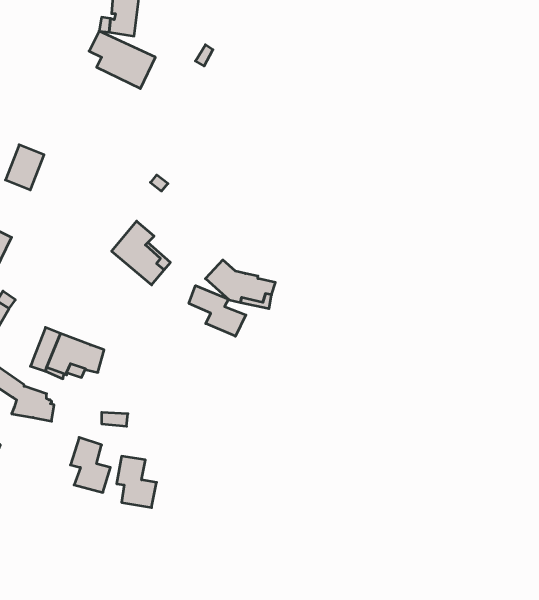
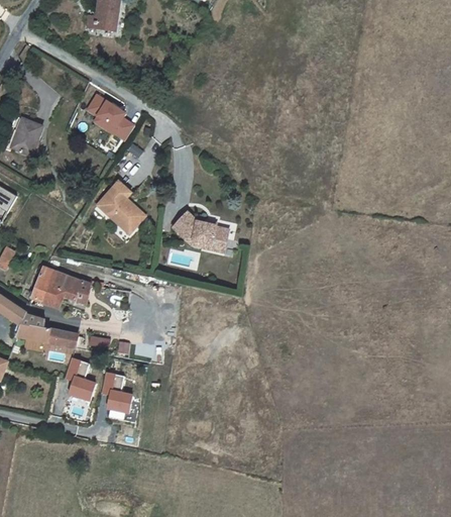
building: [89,31,155,89] -> [85,94,138,140]
building: [189,286,246,336] -> none
building: none -> [48,329,78,348]

